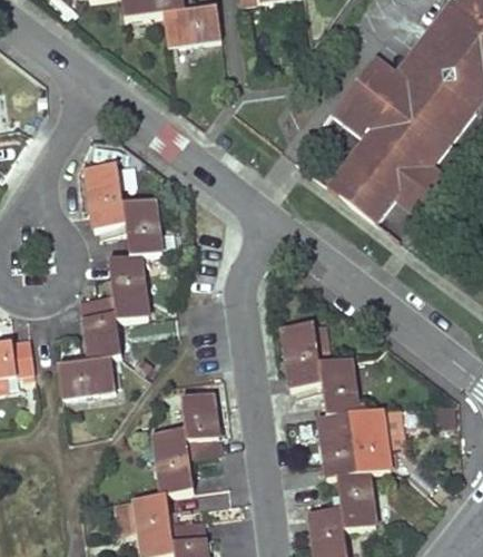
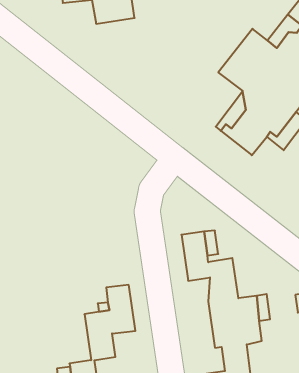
building: [58,164,161,398] -> none

